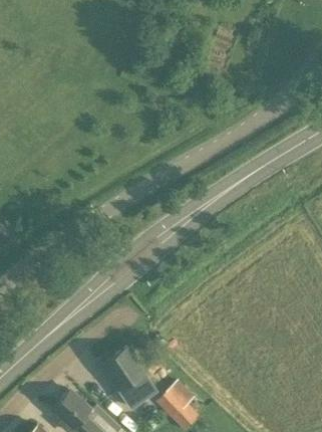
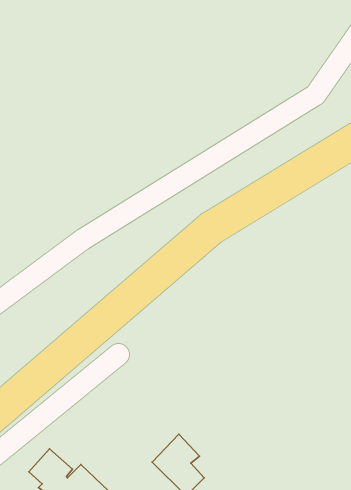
building: [102,348,153,405] -> none

